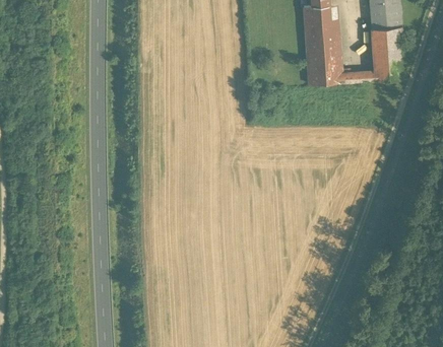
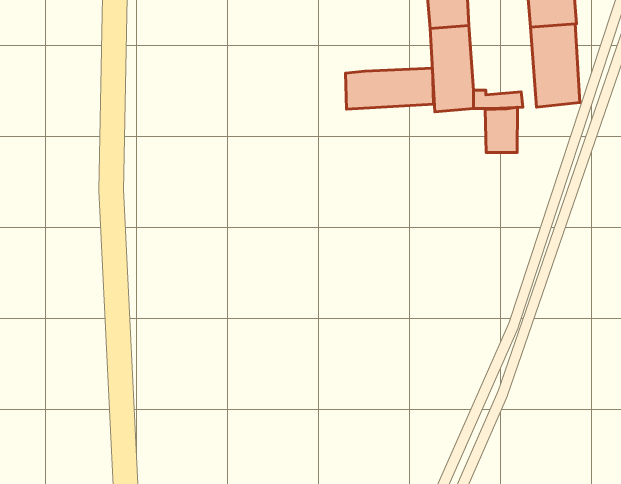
building: none -> [345,68,433,109]
building: none -> [485,107,517,153]

